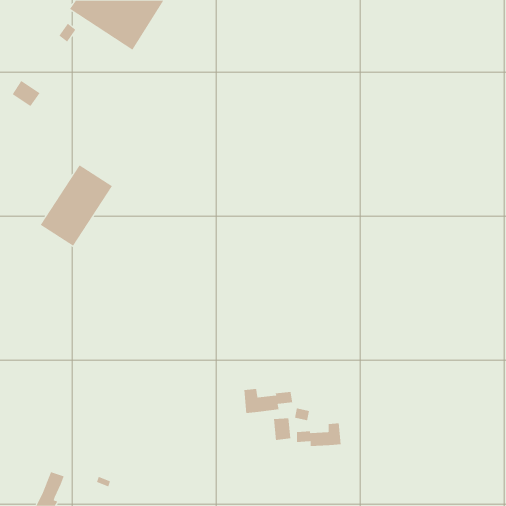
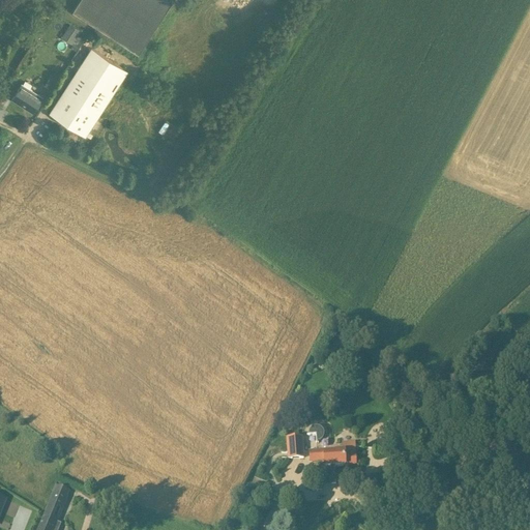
building: [40,164,113,247] -> [50,49,126,135]
building: [244,388,293,414] -> none

